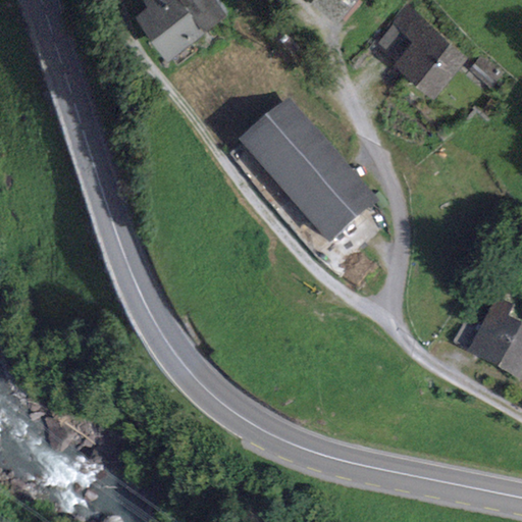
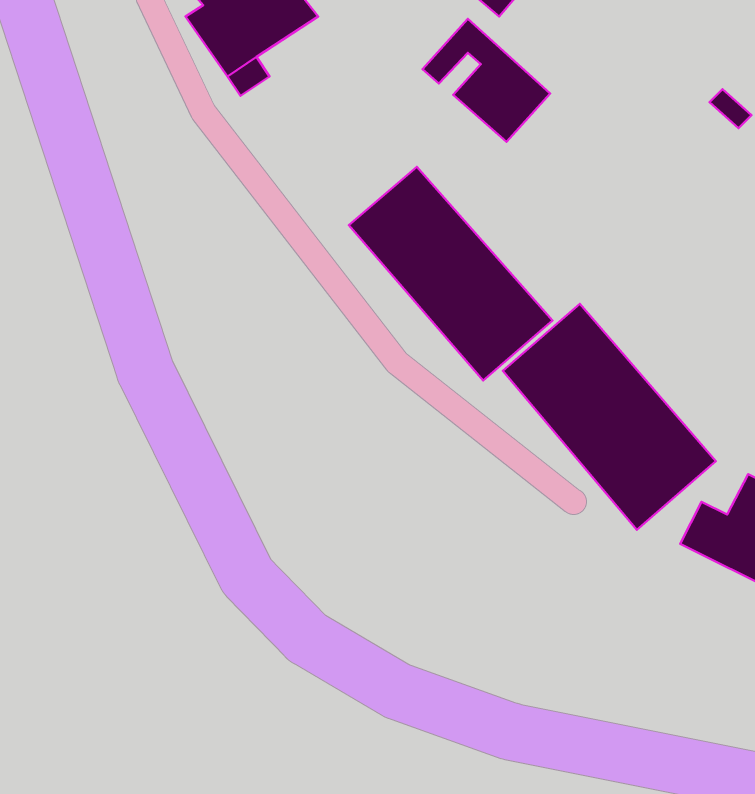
building: [380,6,461,84] -> [423,19,550,142]
building: none -> [503,304,716,530]

